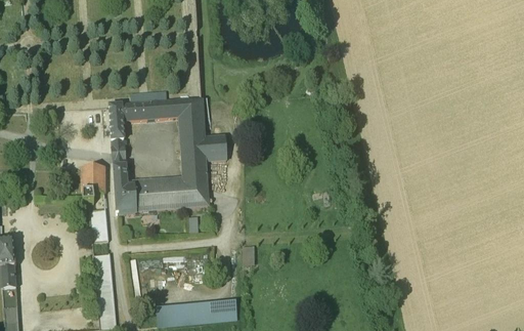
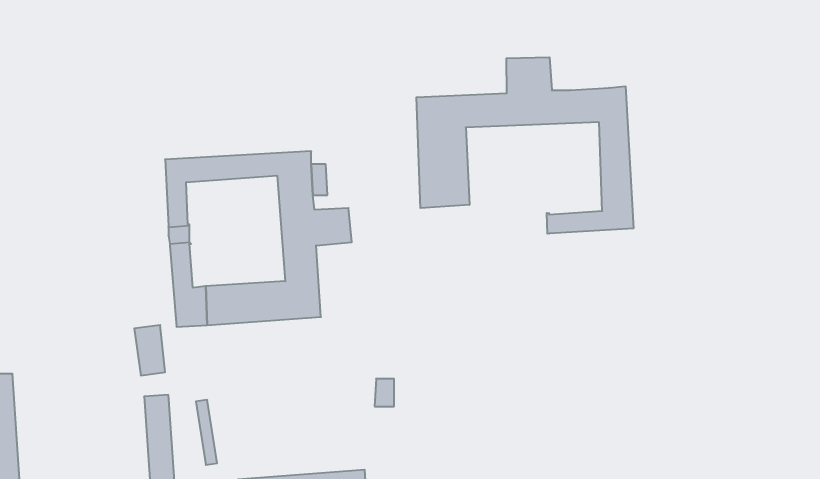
building: none -> [416,57,633,234]
building: [81,166,103,203] -> none

